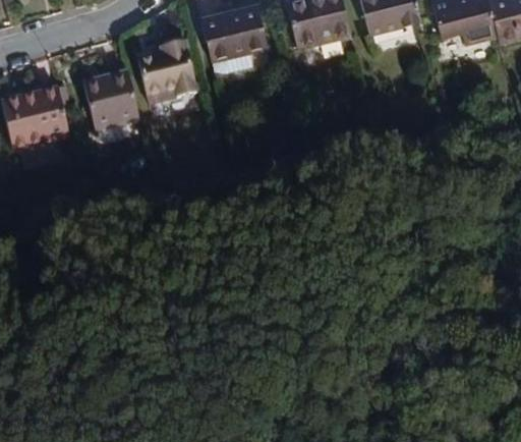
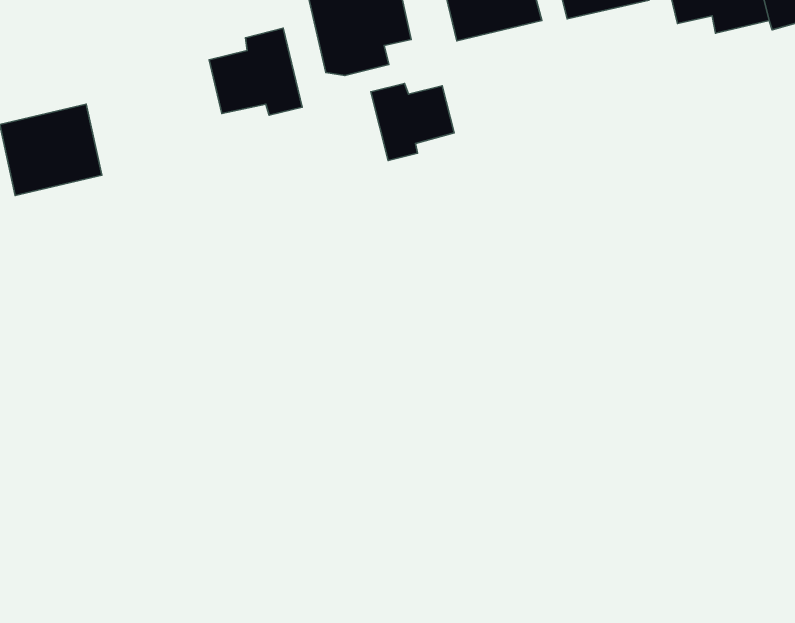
building: [82,75,138,128] -> none
building: none -> [371,84,454,161]

